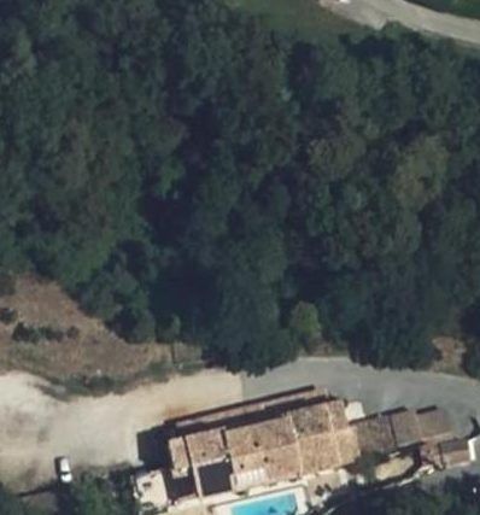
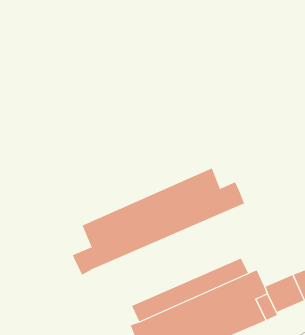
building: none -> [72,168,245,275]

